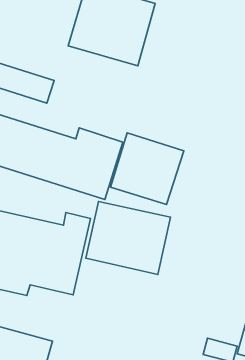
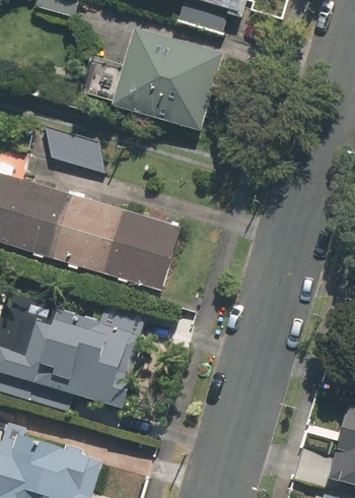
building: [111,133,184,205] -> none
building: [86,201,171,275] -> none

